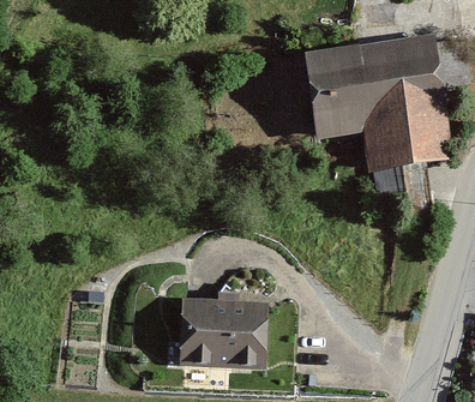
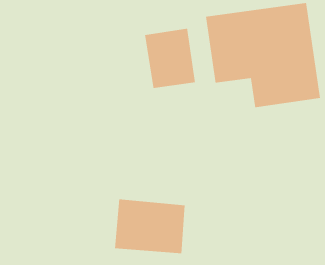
building: none -> [145,28,195,89]

